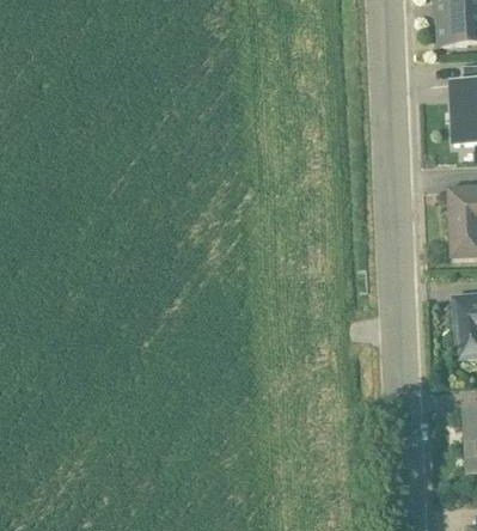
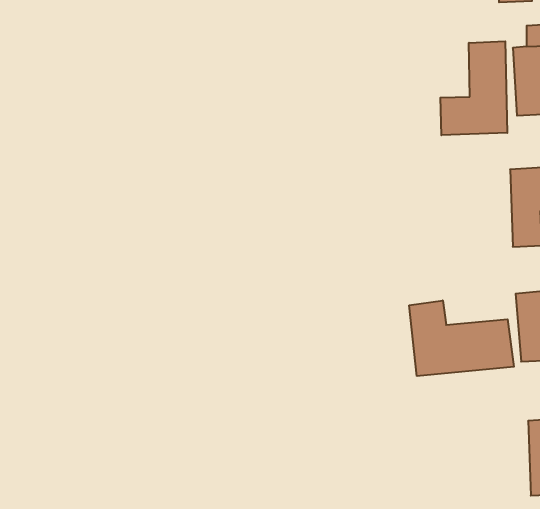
building: none -> [440,41,507,135]
building: none -> [409,300,514,376]

